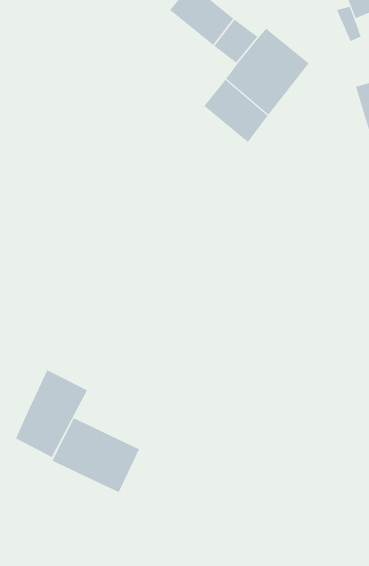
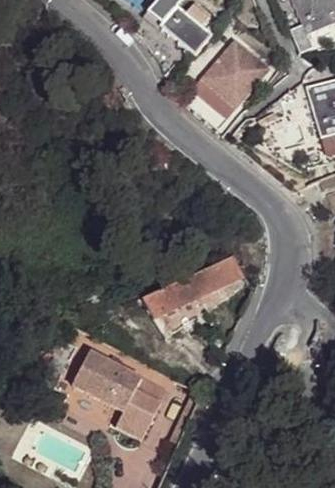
building: none -> [142,257,242,321]
building: [15,370,88,458] -> [112,371,169,440]

